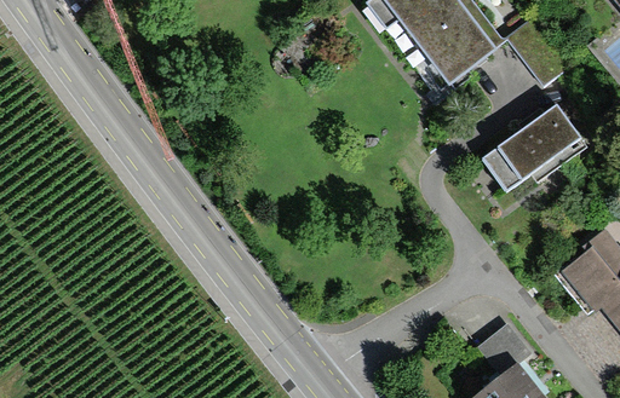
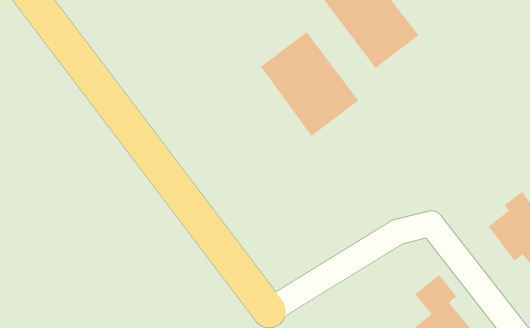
building: none -> [260,31,359,137]
building: [484,103,581,191] -> none

